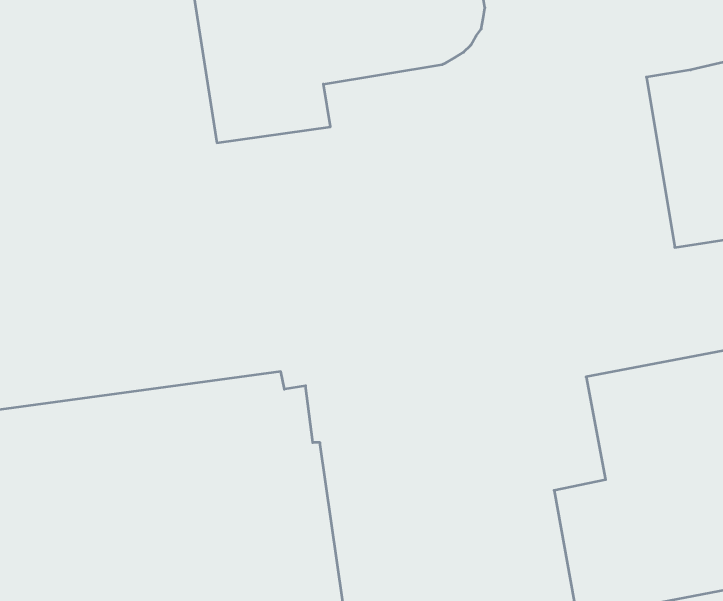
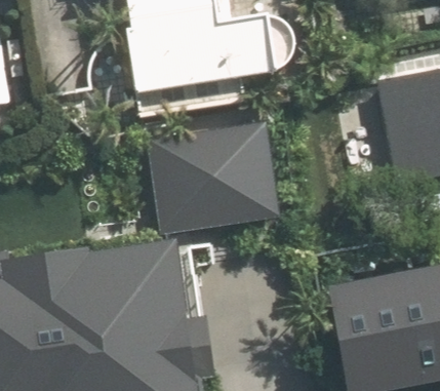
building: none -> [149,120,282,225]

